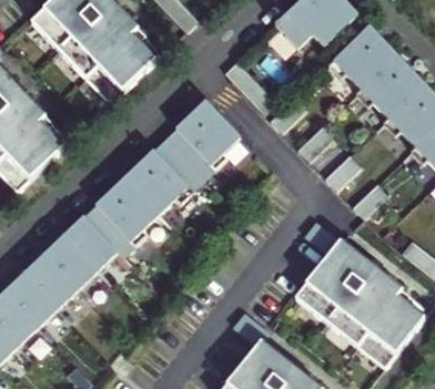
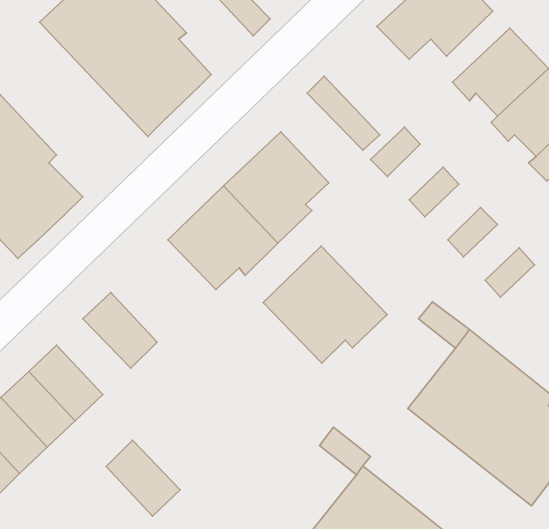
building: [83,177,159,256] -> none
building: none -> [263,246,387,363]
building: [44,234,98,288] -> [106,440,180,516]

